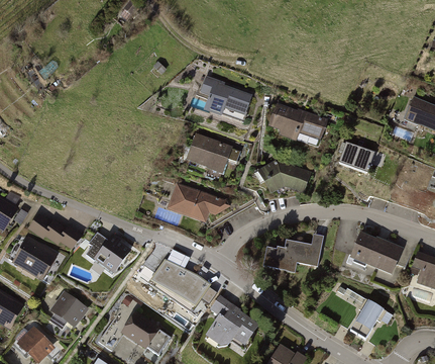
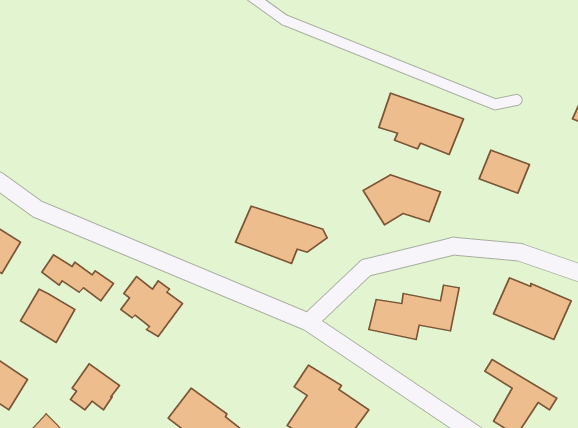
building: [199,74,250,118] -> none
building: [186,133,239,172] -> none
building: [147,258,216,312] -> none

